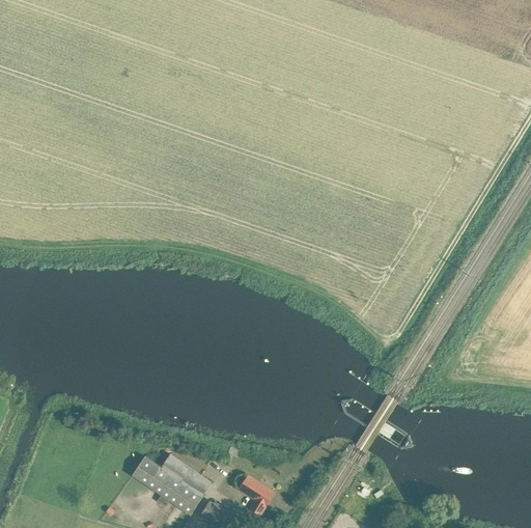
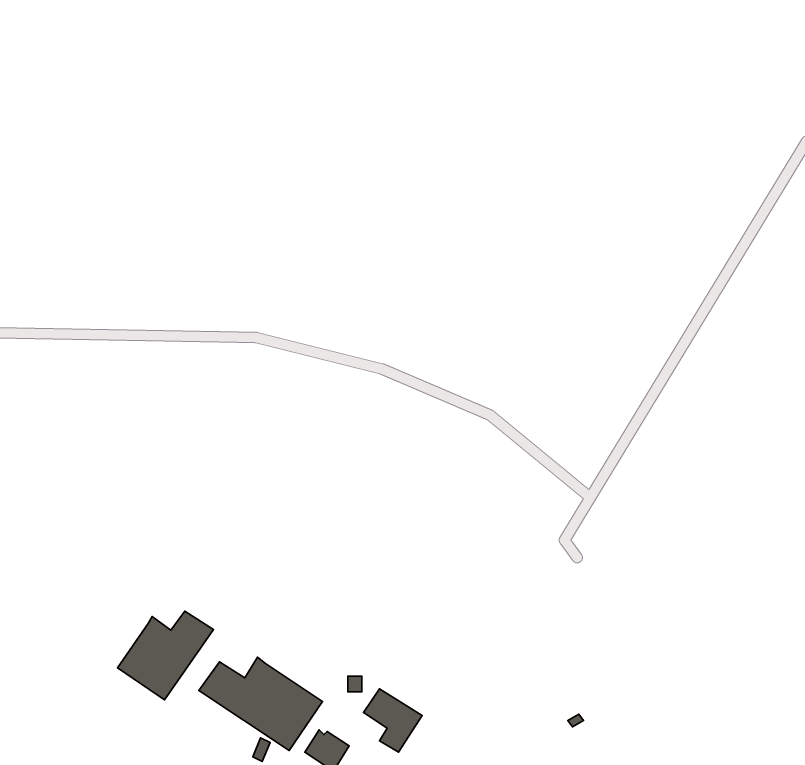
building: none -> [118,611,213,700]

